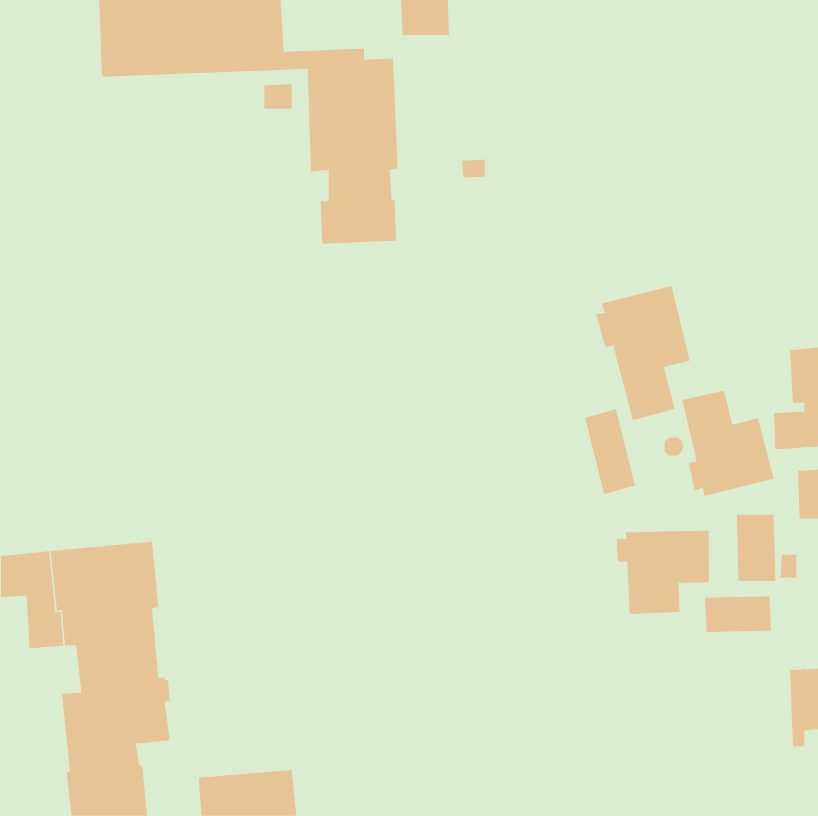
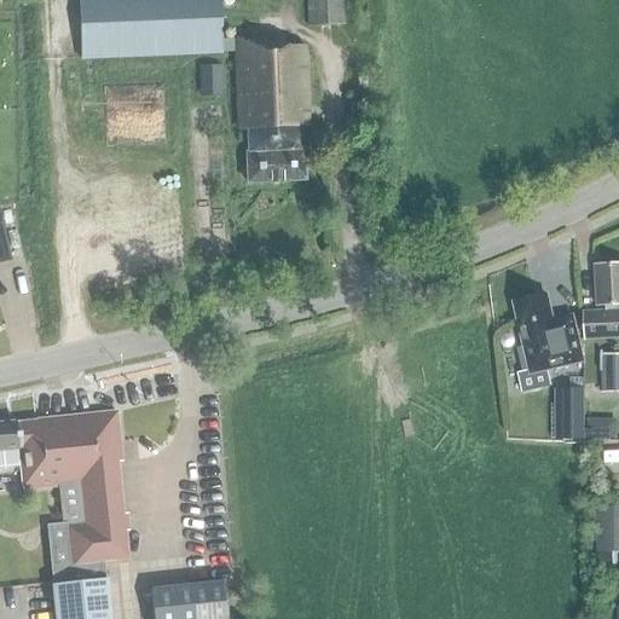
building: [596,285,690,421] -> none
building: [585,408,635,495] -> none
building: [616,530,709,615] -> none
building: [704,596,772,633] -> none

